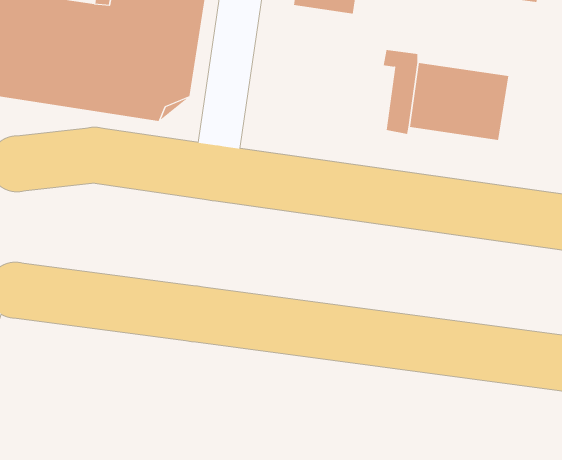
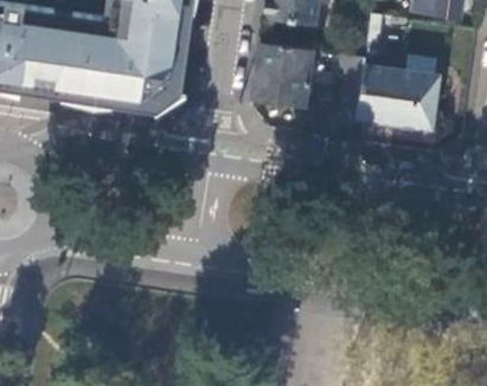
building: none -> [254,43,314,104]

